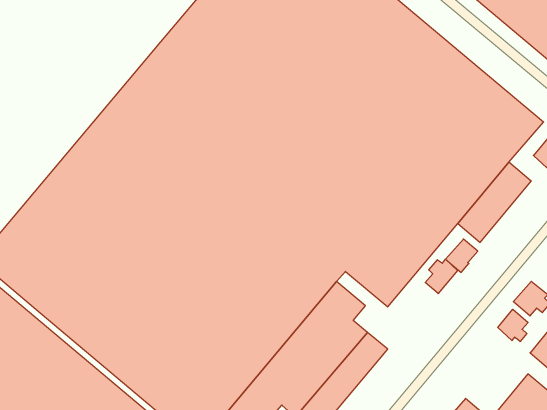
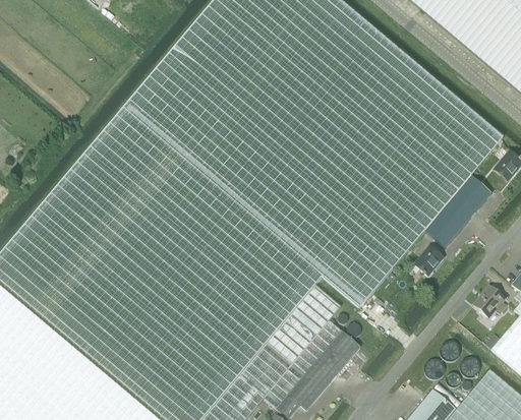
building: [425,259,457,294] -> none
building: [498,309,528,342] -> none

